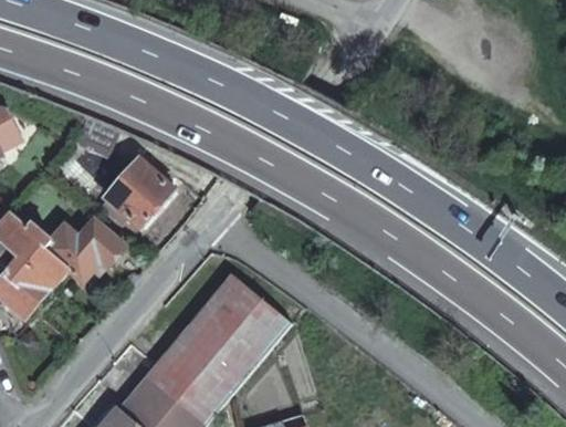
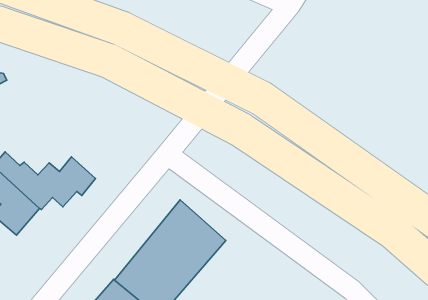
building: [105,159,171,226] -> none

